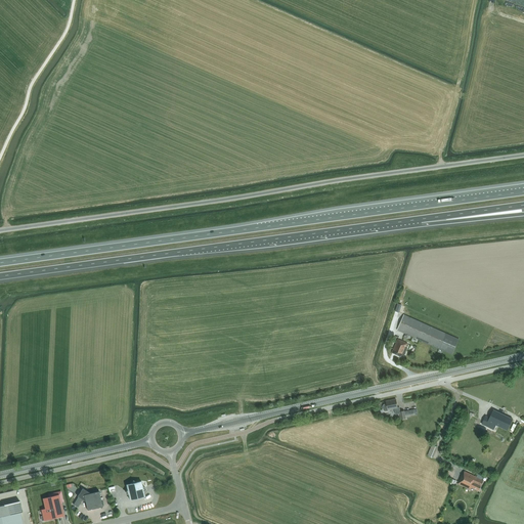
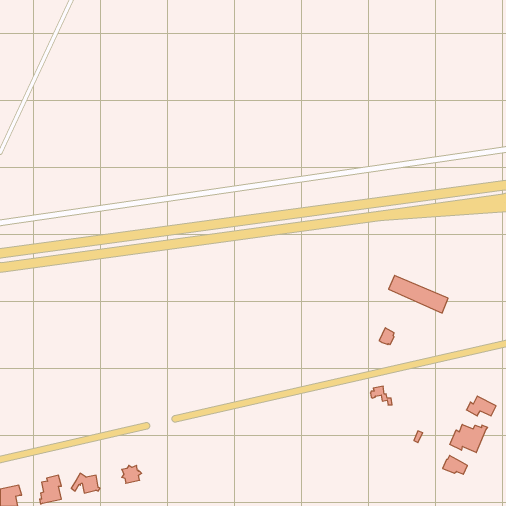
building: [397,315,458,354] -> [389,275,448,313]
building: none -> [450,424,488,453]

